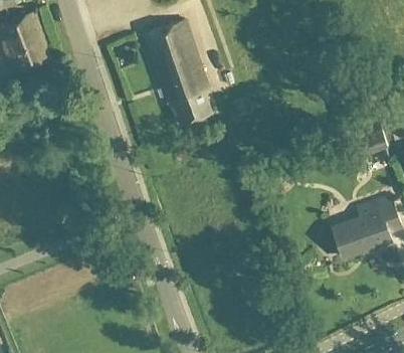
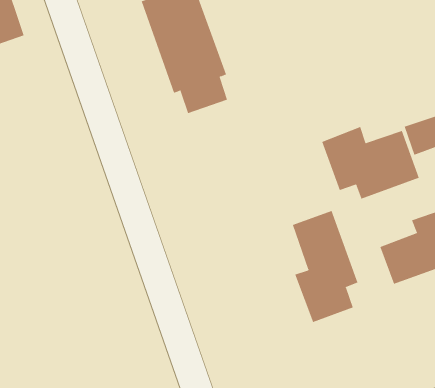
building: none -> [321,126,419,199]
building: none -> [292,210,358,323]

